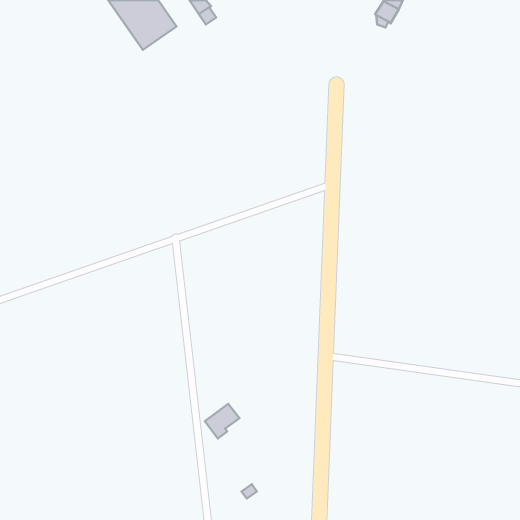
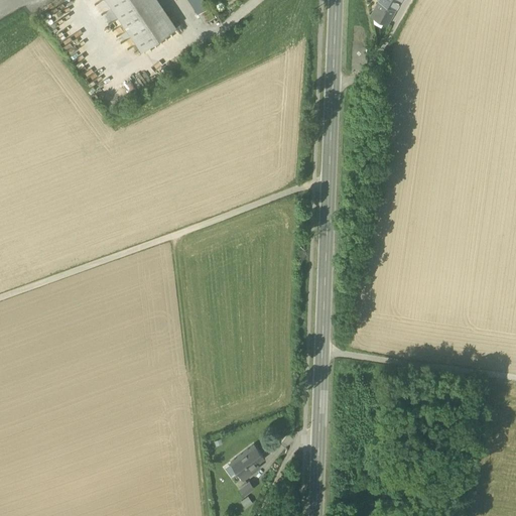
building: [205,404,239,439] -> [231,443,265,478]

